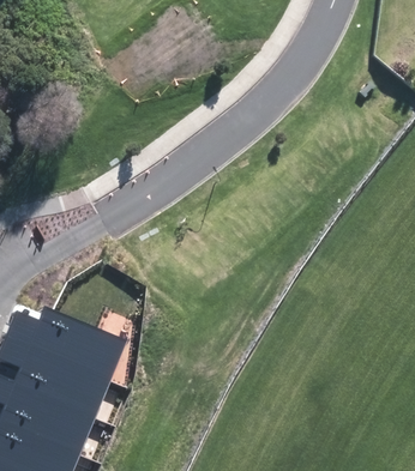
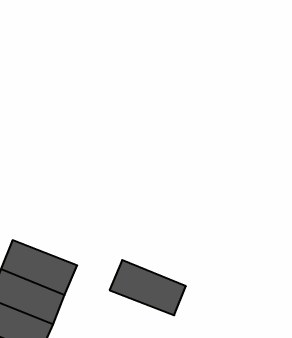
building: [25,307,120,375] -> [110,260,186,315]

